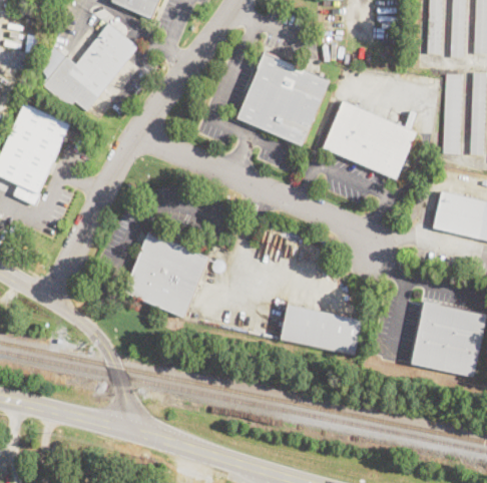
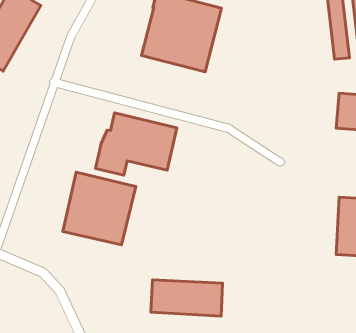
building: [324,101,416,178] -> none
building: none -> [96,113,177,175]
building: [281,305,362,355] -> [151,280,222,316]

